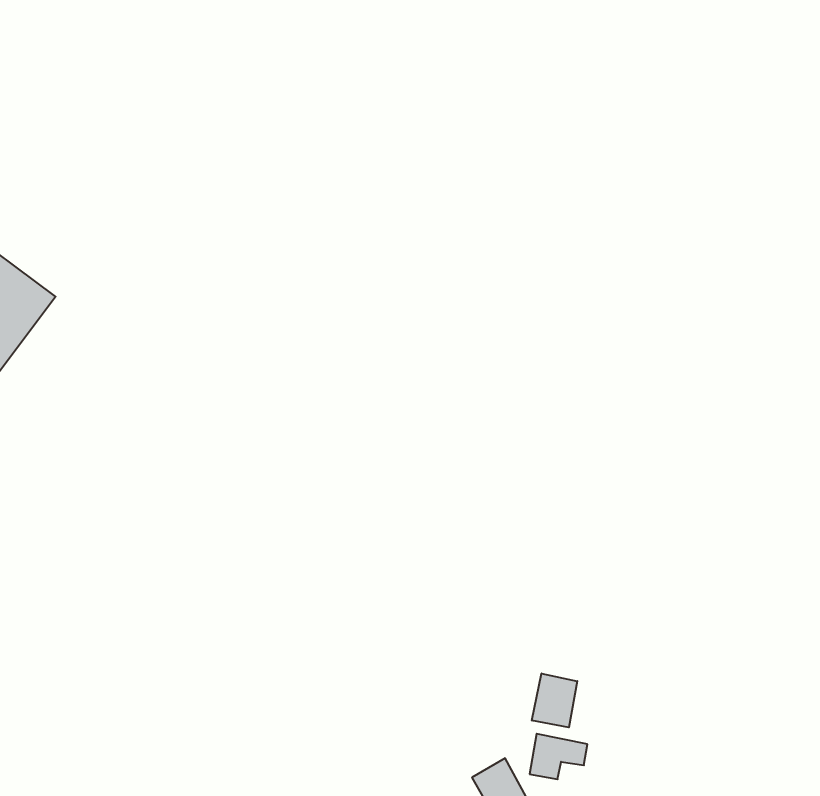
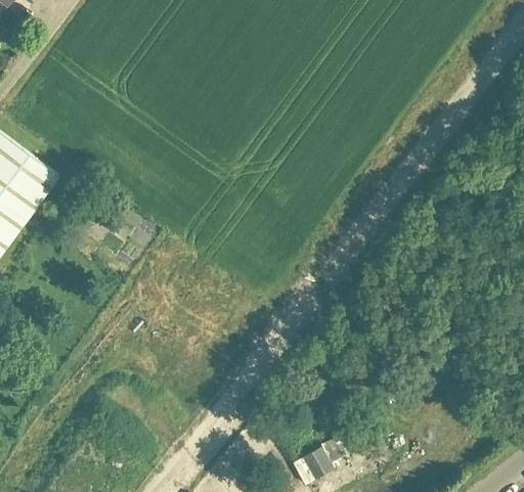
building: [532,673,577,727] -> none

